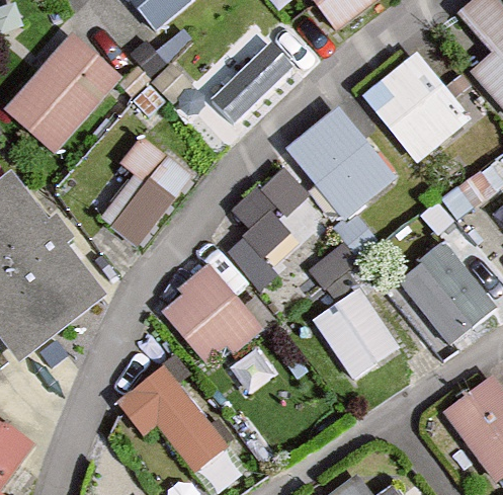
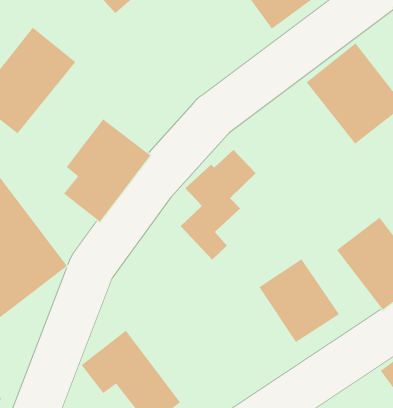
building: [195,22,294,121] -> none
building: [287,111,393,220] -> none
building: [161,267,261,367] -> none

